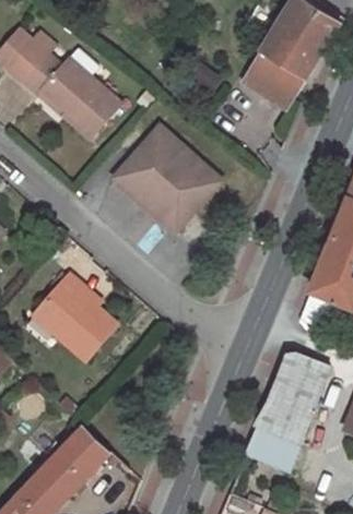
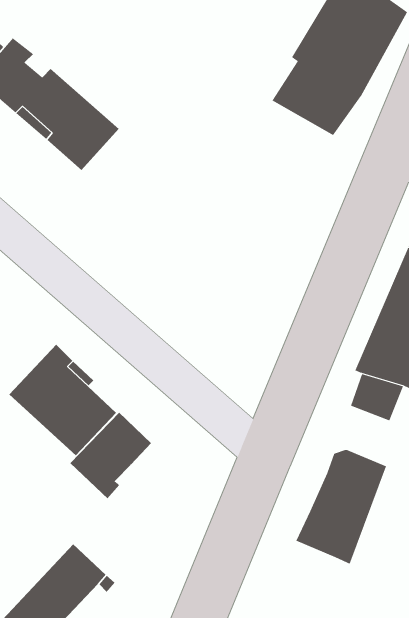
building: [115,127,221,231] -> none
building: none -> [69,412,152,499]
building: [245,425,287,465] -> none

